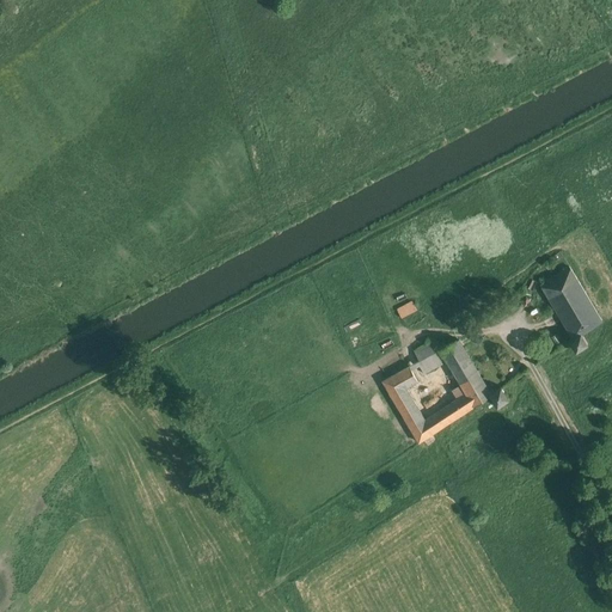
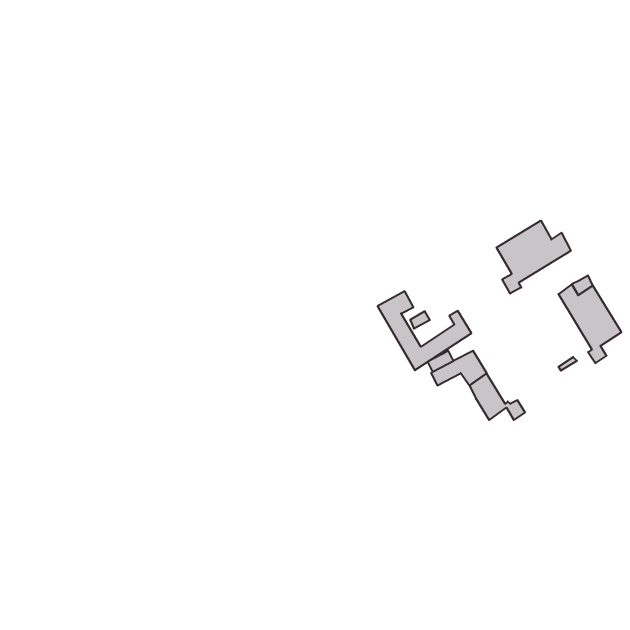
building: none -> [497,221,571,294]
building: [382,367,473,443] -> [378,291,471,370]

